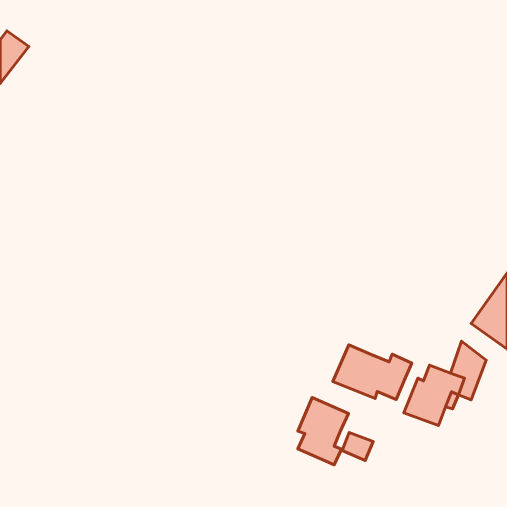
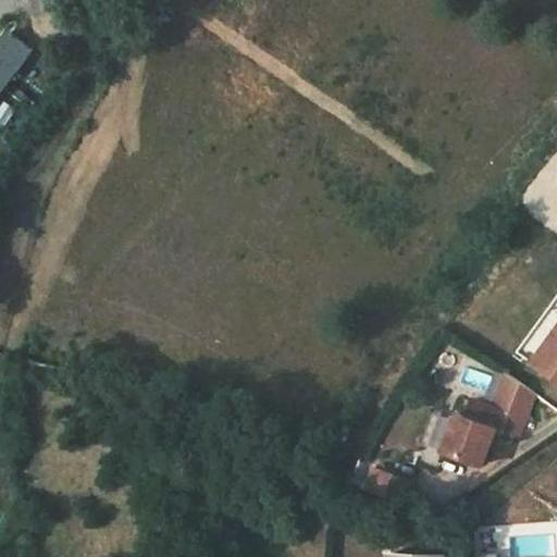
building: [333,345,412,399] -> none
building: [298,397,348,465] -> none

